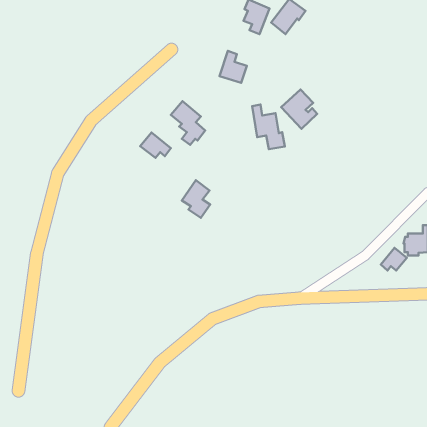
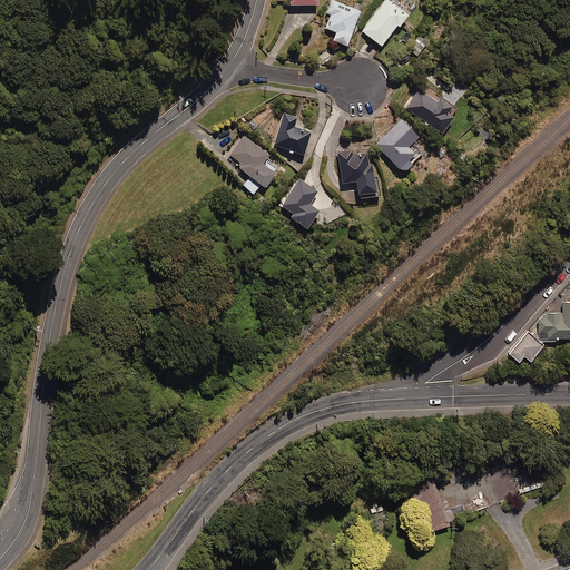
building: [219,51,247,83] -> [274,111,311,154]
building: none -> [406,89,458,134]
building: [140,132,171,158] -> none
building: [182,180,210,218] -> [281,178,318,228]

